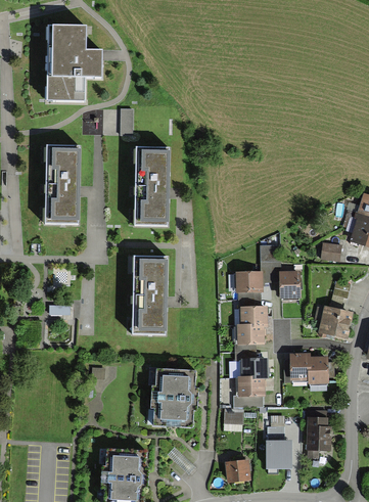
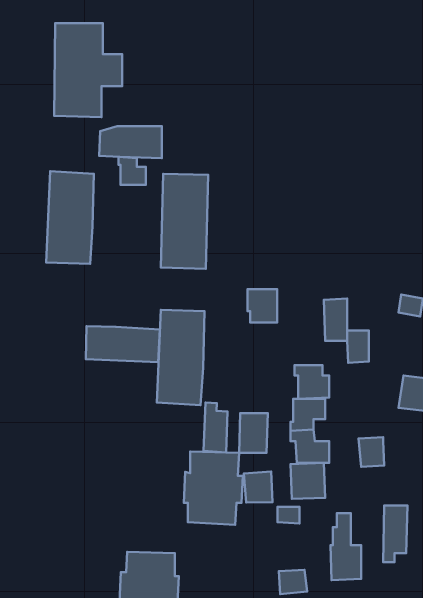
building: none -> [118,157,146,185]
building: none -> [86,326,160,362]
building: [237,273,261,300] -> [247,289,277,323]
building: none -> [204,403,228,452]
building: none -> [239,413,268,453]
building: [309,359,327,384] -> none
building: none -> [244,472,272,503]

